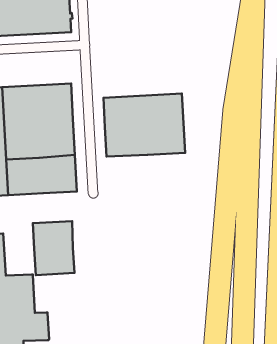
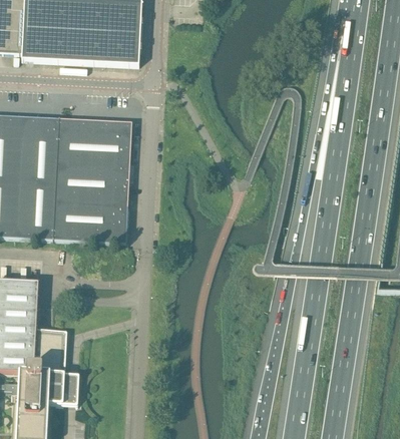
building: [103,94,185,156] -> none
building: [33,221,74,275] -> none

